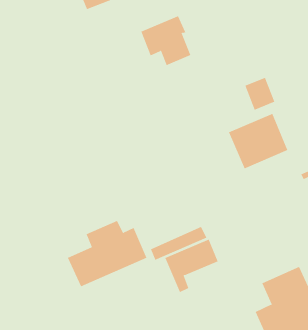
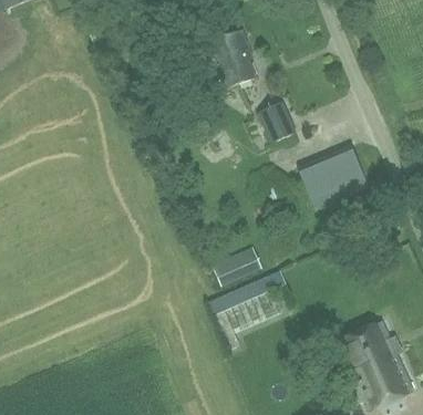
building: [245,77,275,110] -> [255,102,290,141]
building: none -> [213,243,262,284]
building: [67,220,147,287] -> none

